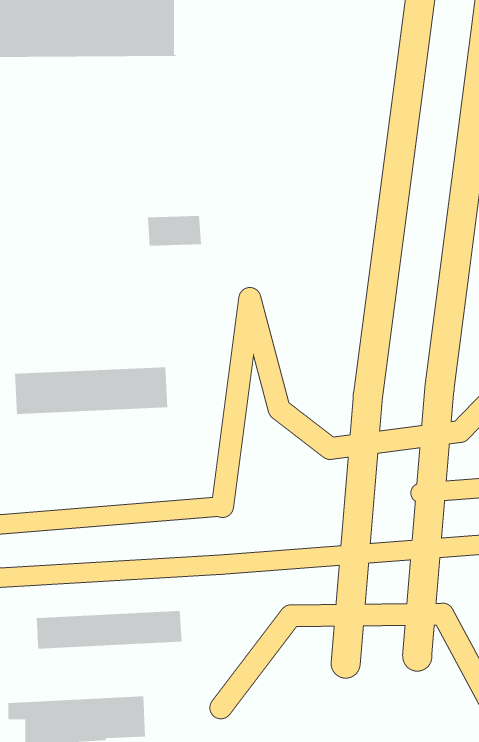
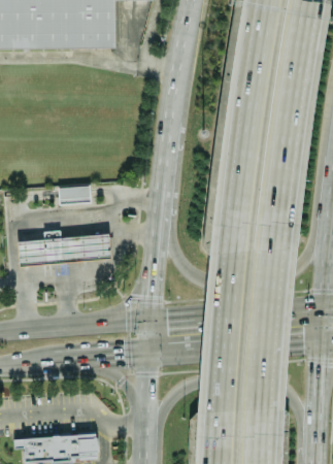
building: [147,216,202,246] -> [59,186,92,204]
building: [36,610,182,649] -> none

